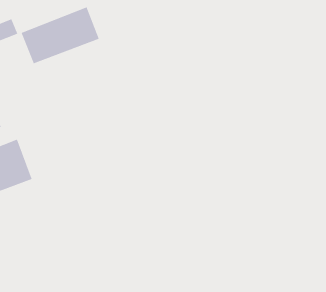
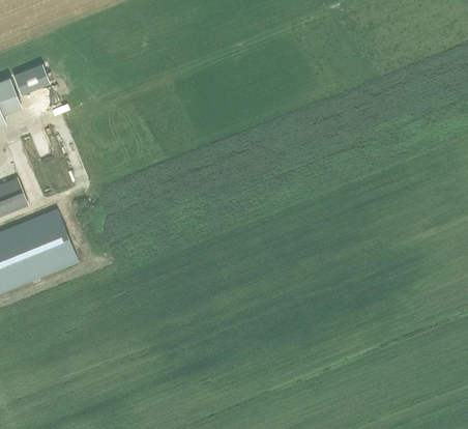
building: [21,6,100,64] -> none

